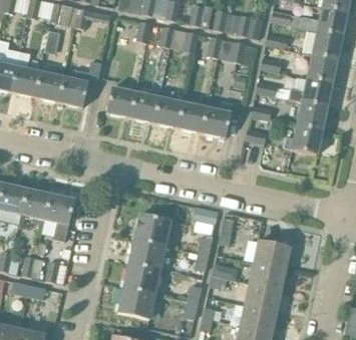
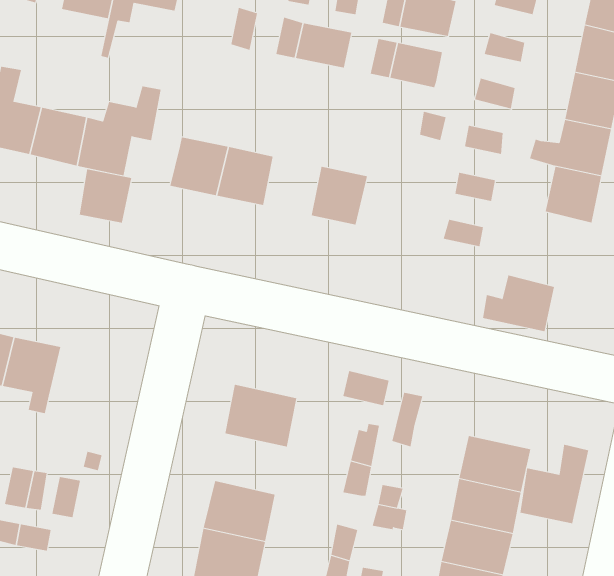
building: [153,97,183,127] -> none
building: [201,101,233,137] -> none
building: none -> [79,169,132,223]
building: [284,125,321,154] -> [482,275,555,332]
building: [44,195,73,241] -> none
building: [128,239,165,270] -> none
building: none -> [520,444,589,524]

